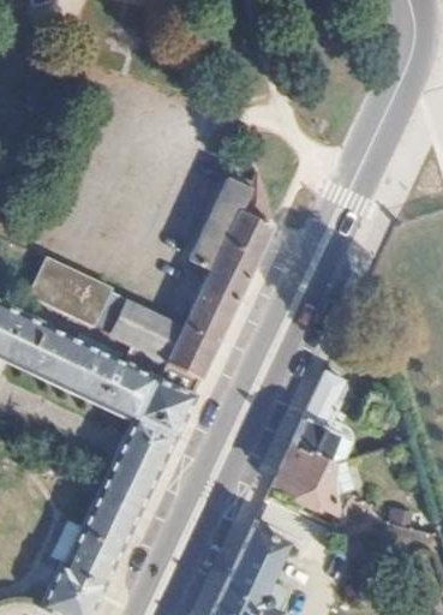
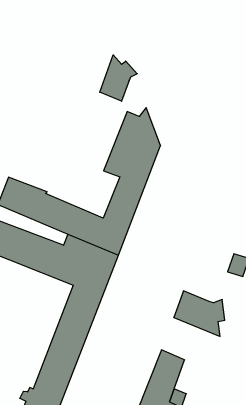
building: none -> [100,55,137,101]
building: [289,370,340,459] -> none

